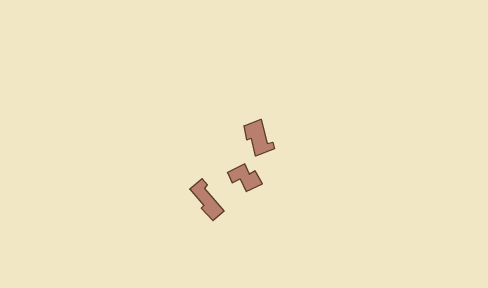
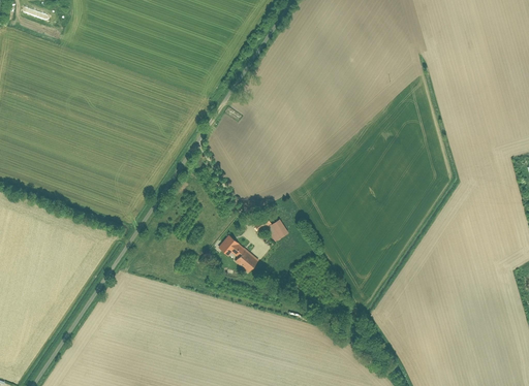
building: [244,119,274,156] -> none

